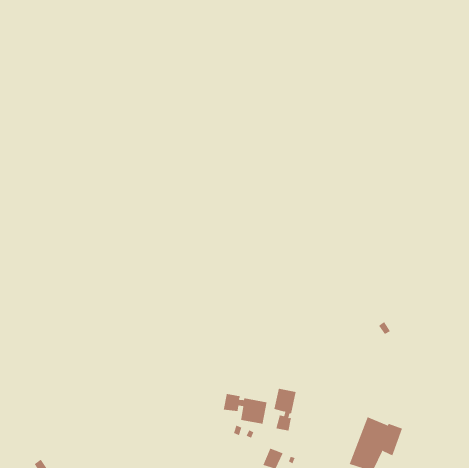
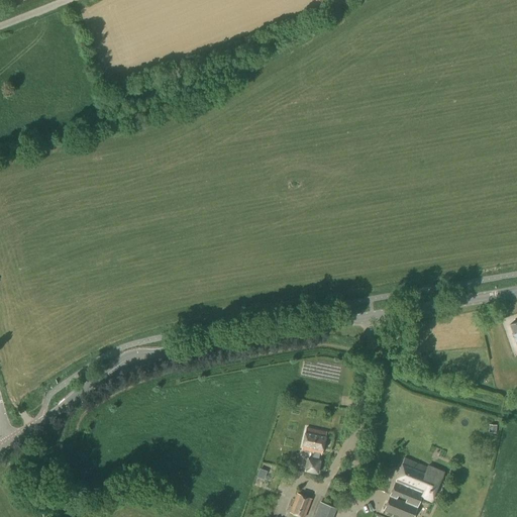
building: [223,393,267,425] -> none

